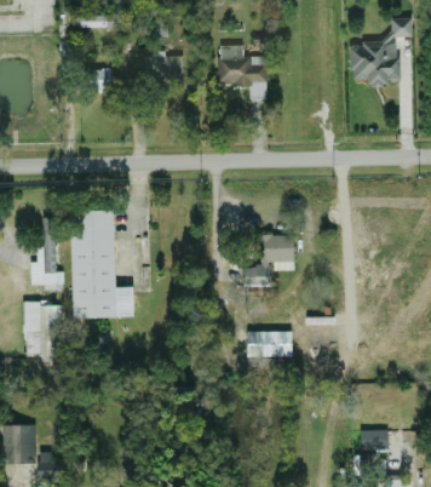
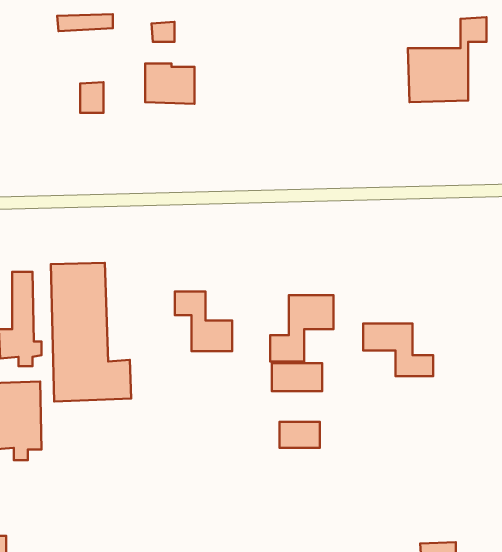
building: [216,56,263,97] -> none
building: none -> [175,291,232,351]
building: none -> [363,323,433,376]
building: none -> [272,363,322,391]

